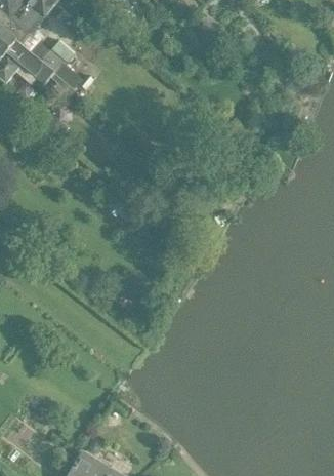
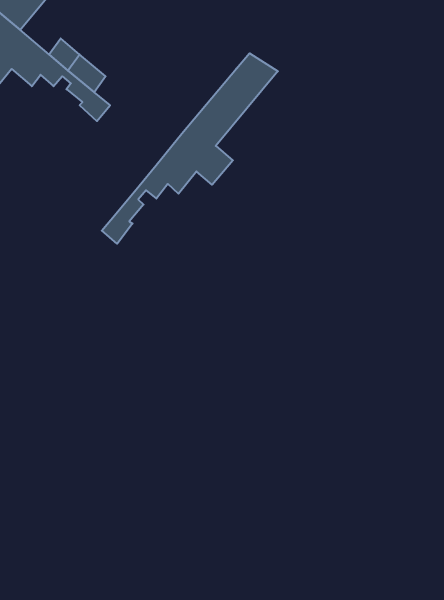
building: none -> [102,53,278,244]

